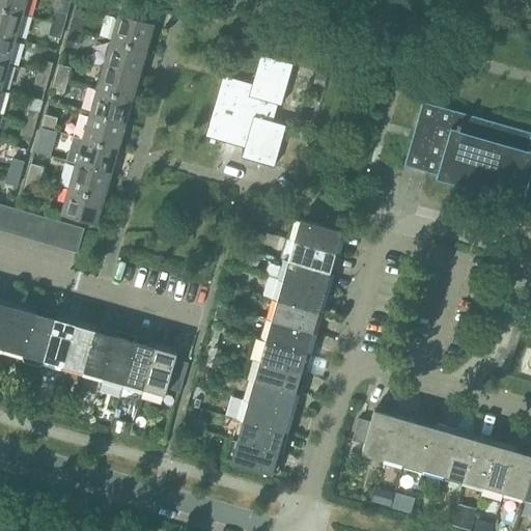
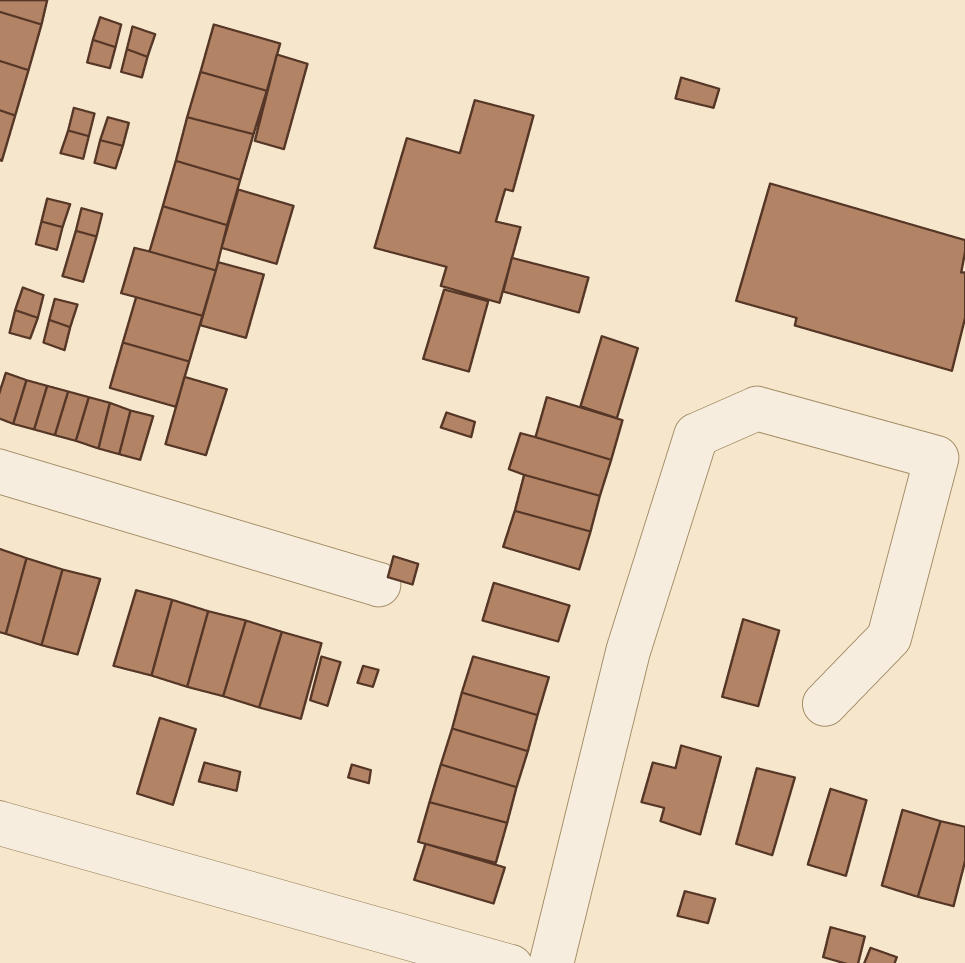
building: none -> [255,54,307,149]
building: none -> [221,190,293,264]
building: none -> [503,258,588,312]
building: none -> [200,262,264,338]
building: none -> [423,290,488,371]
building: none -> [581,336,638,418]
building: none -> [165,377,227,455]
building: [271,302,317,334] -> none
building: [43,319,75,367] -> [137,718,196,805]
building: [249,339,306,373] -> none
building: [384,417,415,465] -> [722,619,779,706]
building: [423,428,455,476] -> none
building: [464,441,495,487] -> none
building: none -> [414,844,505,904]

